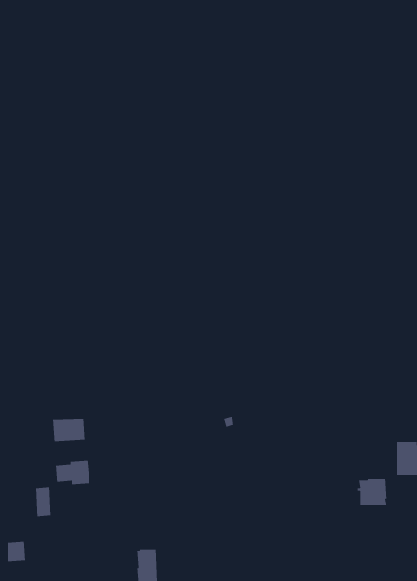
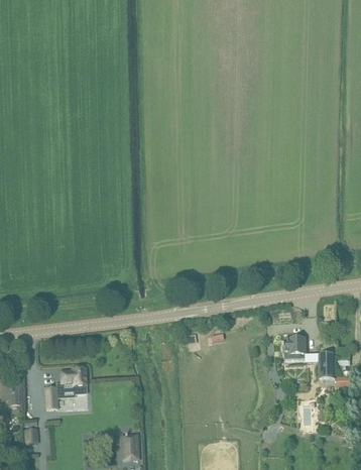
building: [52,418,86,442] -> none
building: [357,478,387,506] -> [282,337,306,358]

